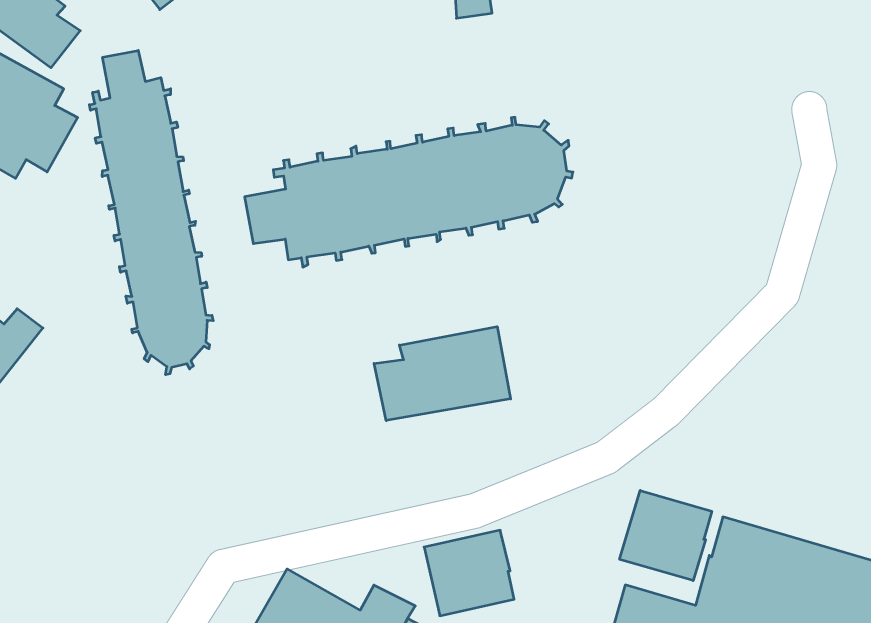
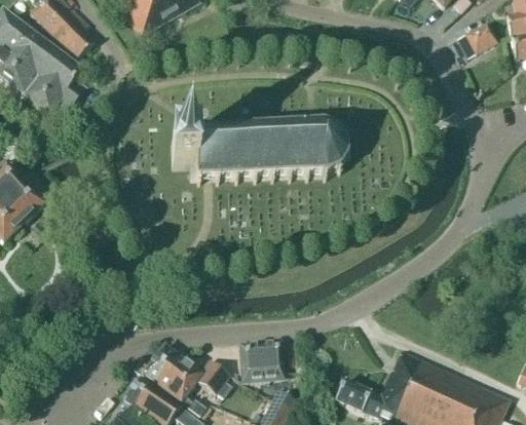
building: [89,50,213,375] -> none
building: [374,327,511,421] -> none
building: [620,490,712,581] -> none

